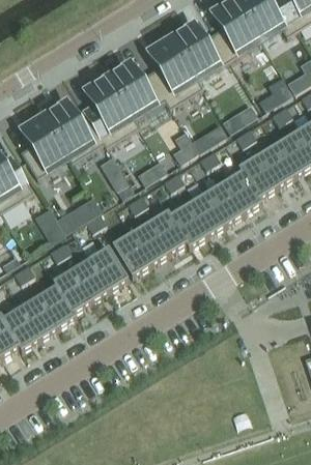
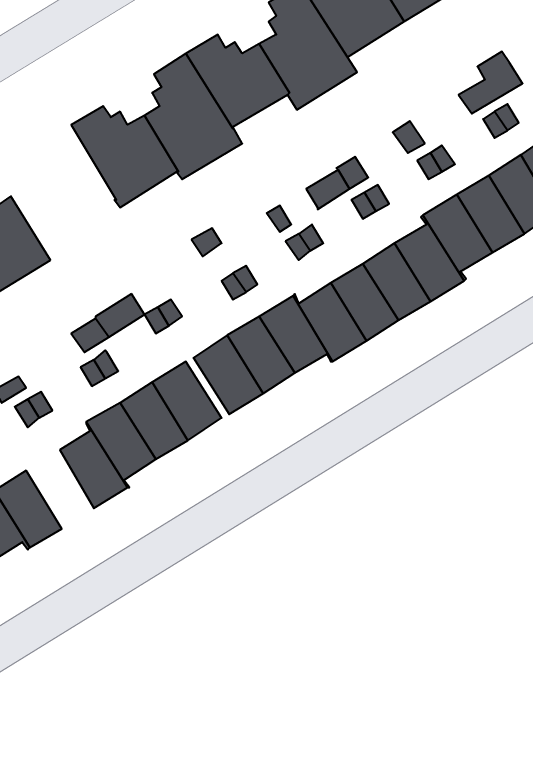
building: [21,114,69,175] -> none
building: [20,293,57,337] -> none

